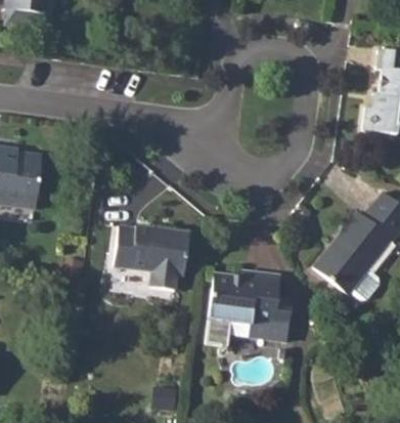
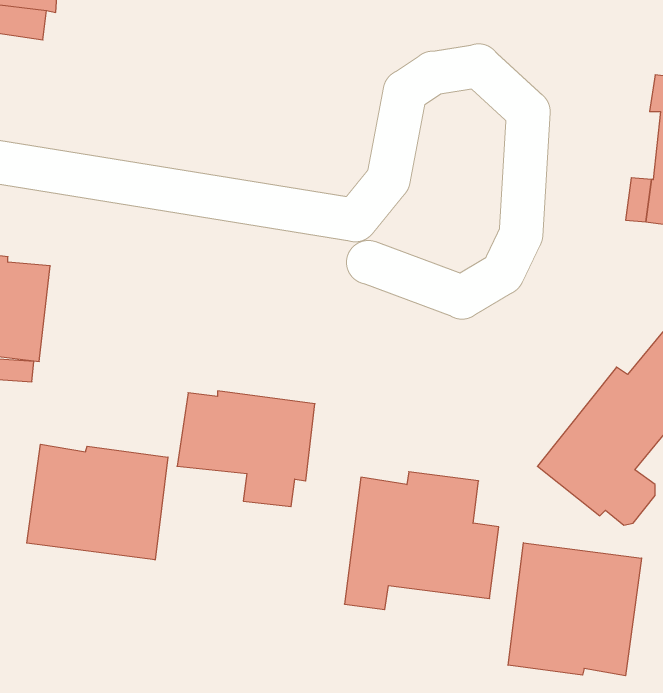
building: none -> [27,444,168,560]
building: none -> [508,543,642,676]

